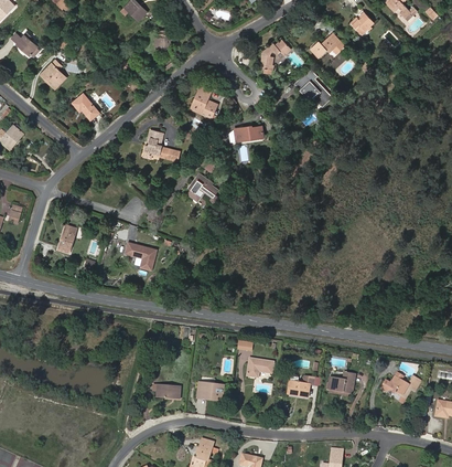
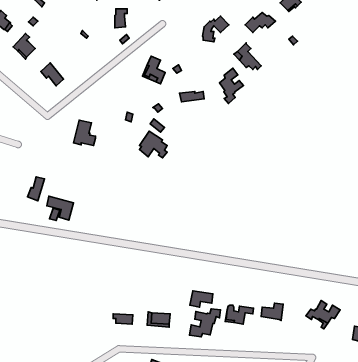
building: none -> [219,68,244,103]
building: [143,129,169,159] -> [74,120,95,146]
building: [126,243,157,270] -> [47,196,74,220]
building: none -> [190,309,221,337]

